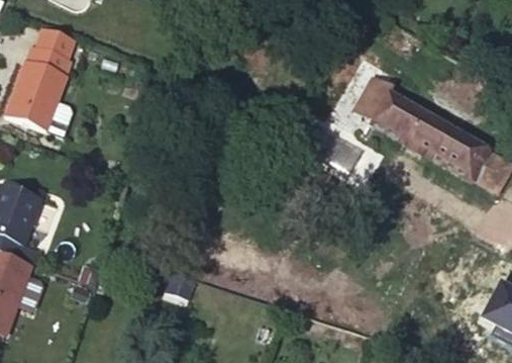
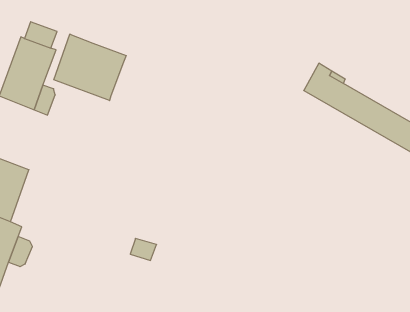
building: none -> [54,34,126,101]

